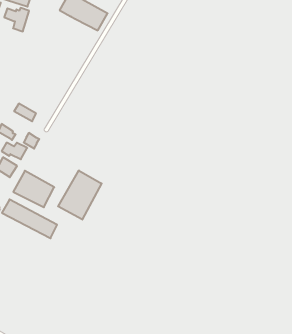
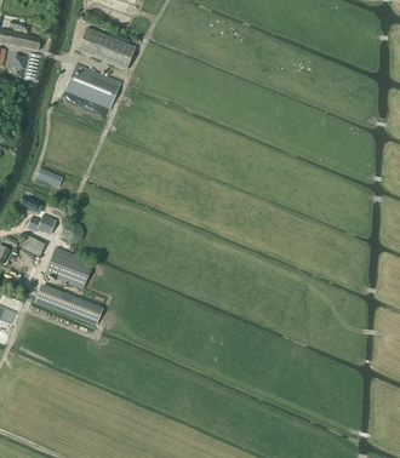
building: none -> [64,64,120,108]
building: [58,170,102,220] -> none

